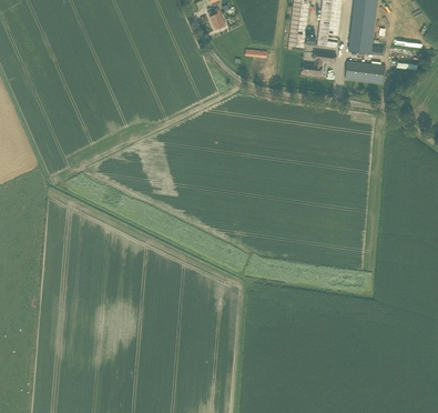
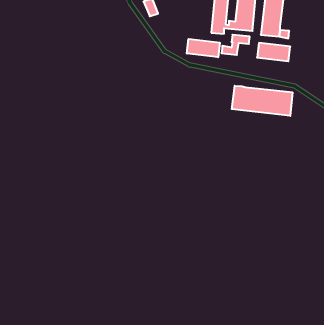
building: none -> [187,39,220,57]
building: none -> [232,86,292,116]

